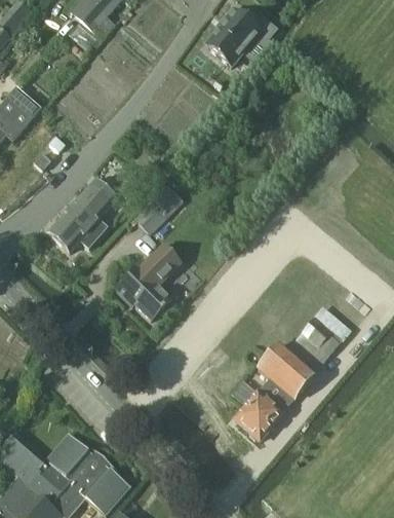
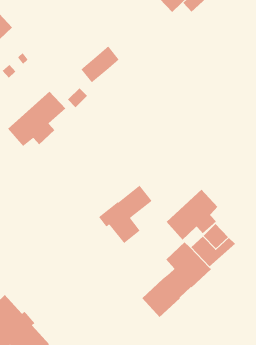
building: [135,185,182,233] -> [80,46,120,83]
building: [117,245,181,319] -> [98,185,152,244]
building: none -> [166,189,218,240]

